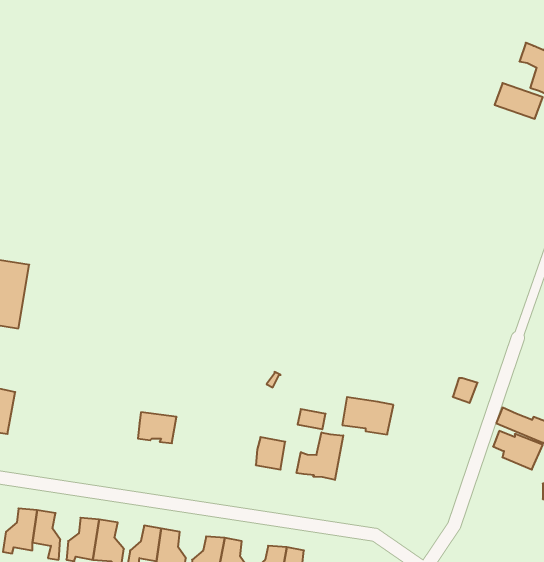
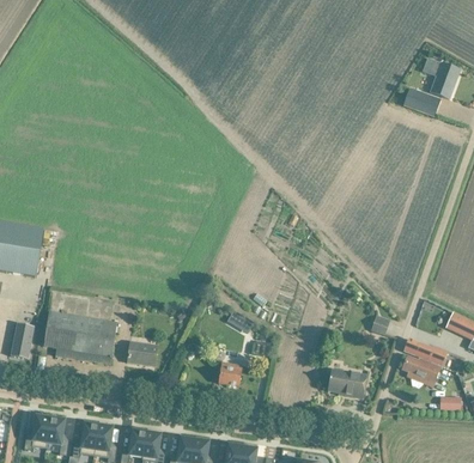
building: none -> [44,311,117,363]
building: [342,397,393,434] -> [328,368,367,397]
building: [297,432,343,480] -> none

